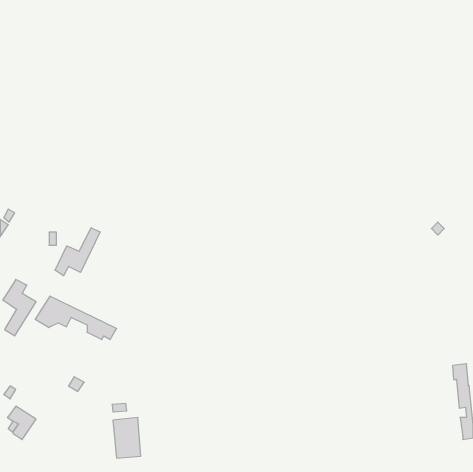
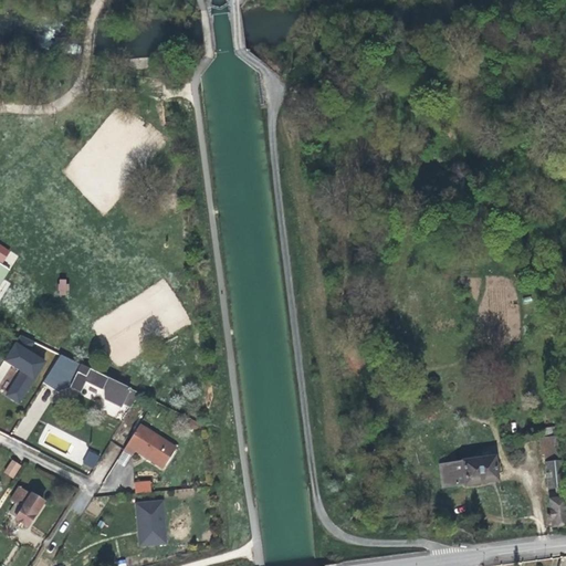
building: [55,228,100,276] -> none
building: none -> [123,423,176,468]
building: none -> [440,457,495,486]

